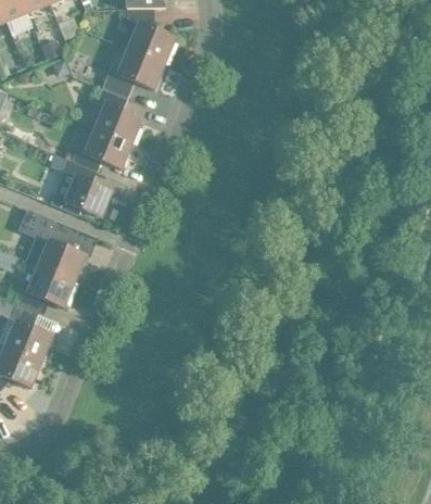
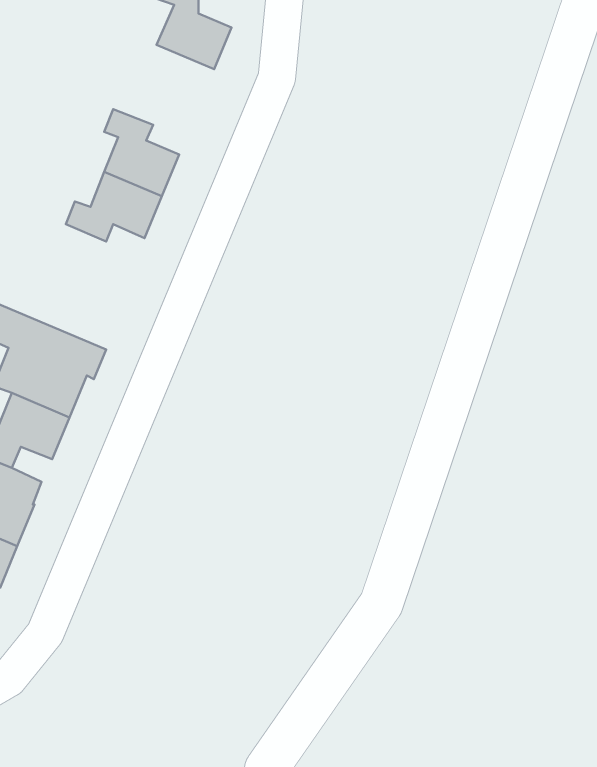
building: [101,49,164,99] -> none
building: [50,159,112,217] -> none

